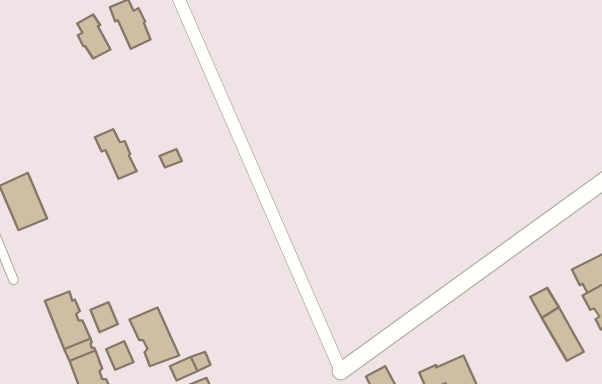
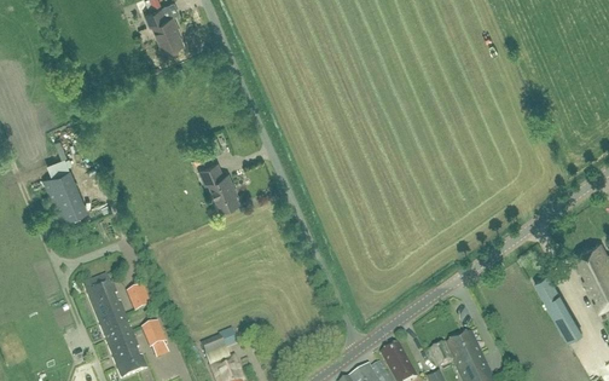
building: [77,14,110,59] -> none
building: [95,129,137,179] -> [198,158,237,204]
building: [129,307,179,366] -> none

